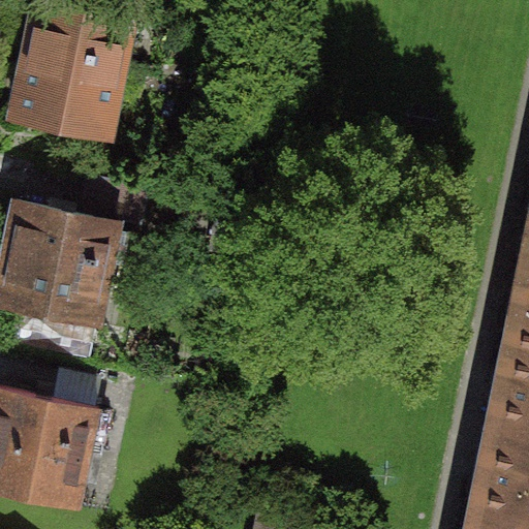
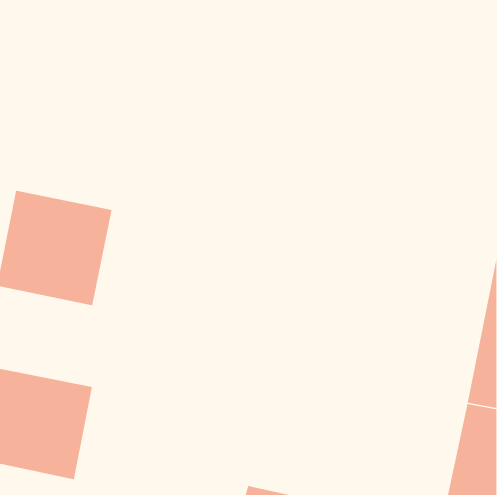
building: [14,9,131,142] -> none

